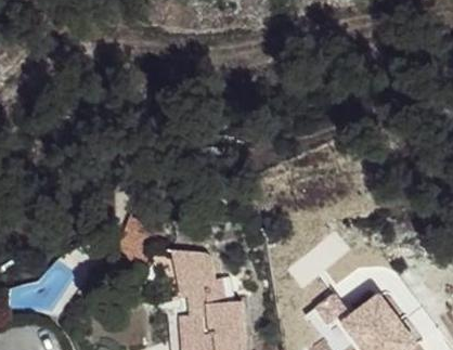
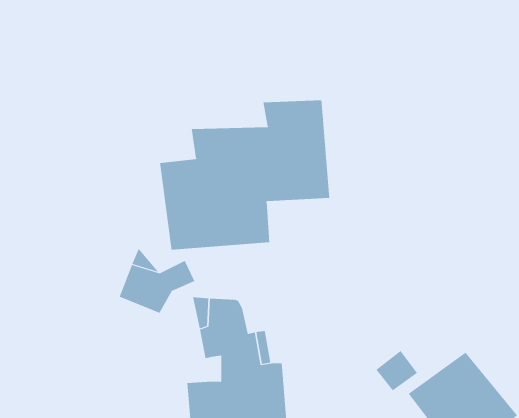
building: none -> [159,99,330,250]

